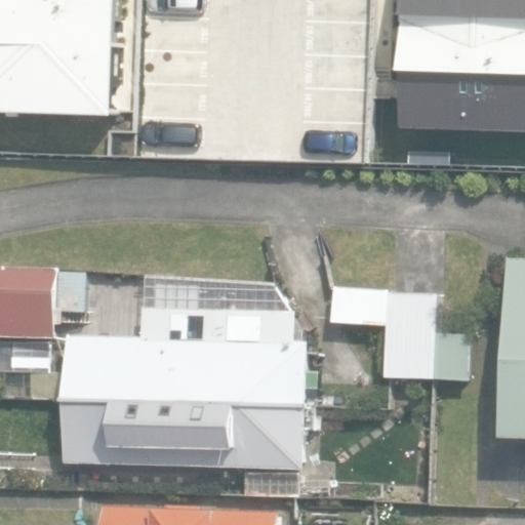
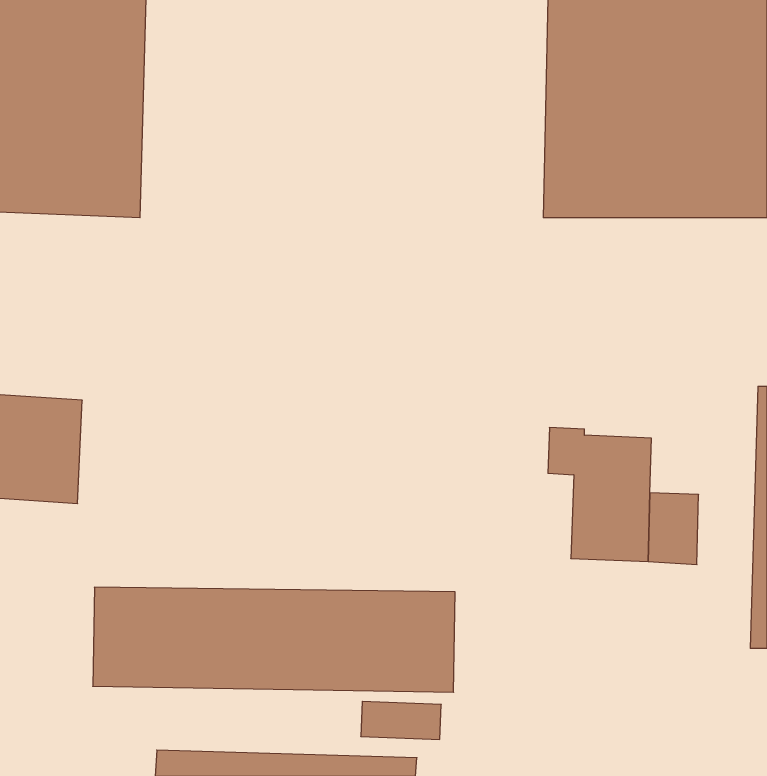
building: [64,311,308,399] -> none

